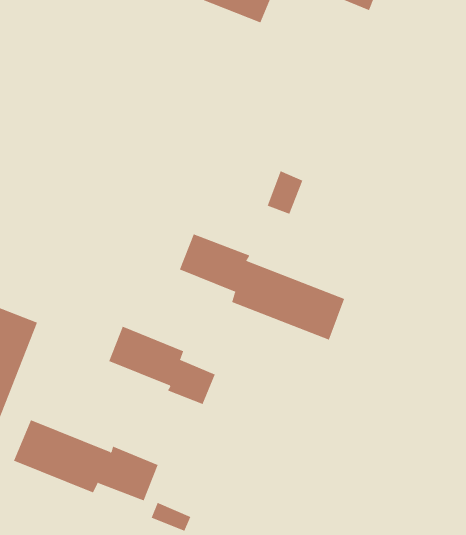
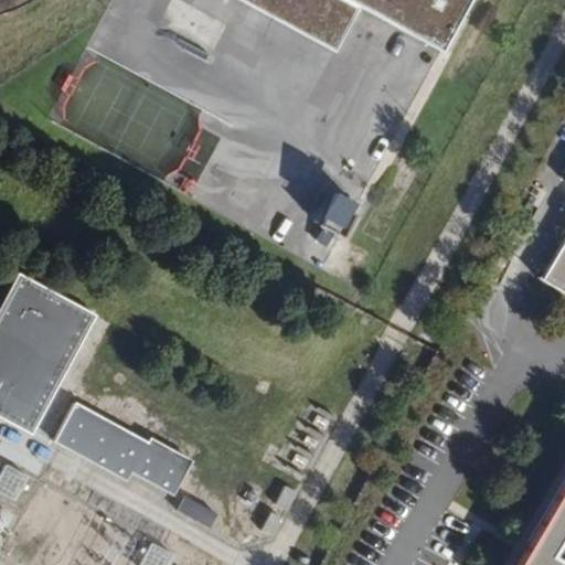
building: [179,233,345,340] -> none
building: [109,326,215,405] -> none

